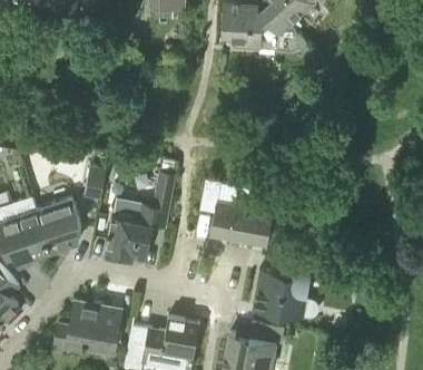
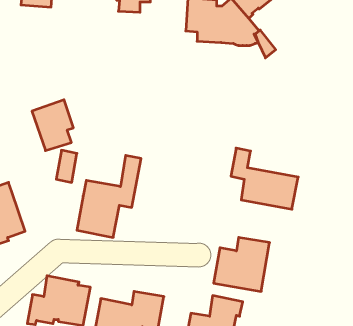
building: [199,181,272,246] -> [231,148,298,209]
building: [36,198,80,253] -> [32,100,73,151]

